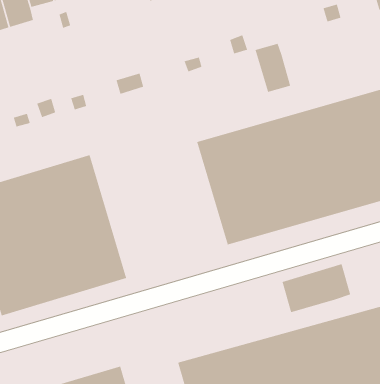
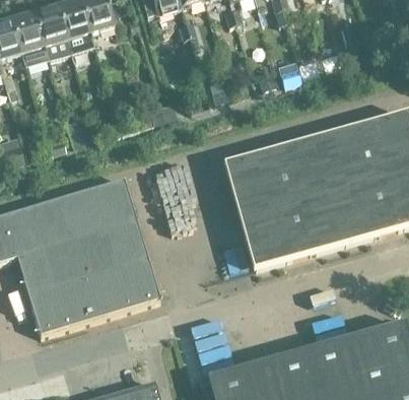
building: [255,43,291,93] -> none
building: [282,263,351,313] -> none

